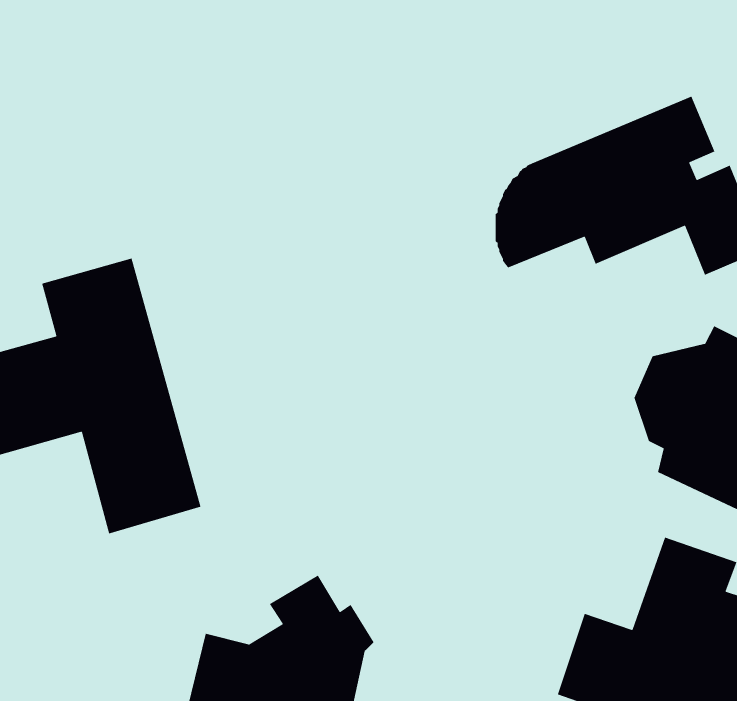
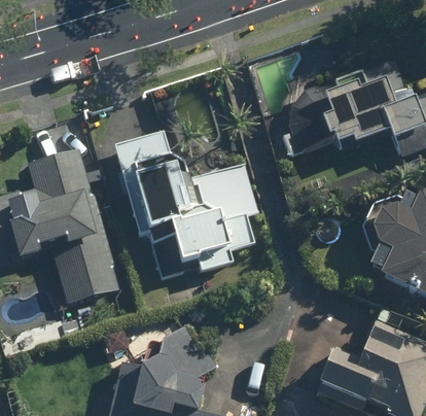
building: none -> [116,131,261,280]

